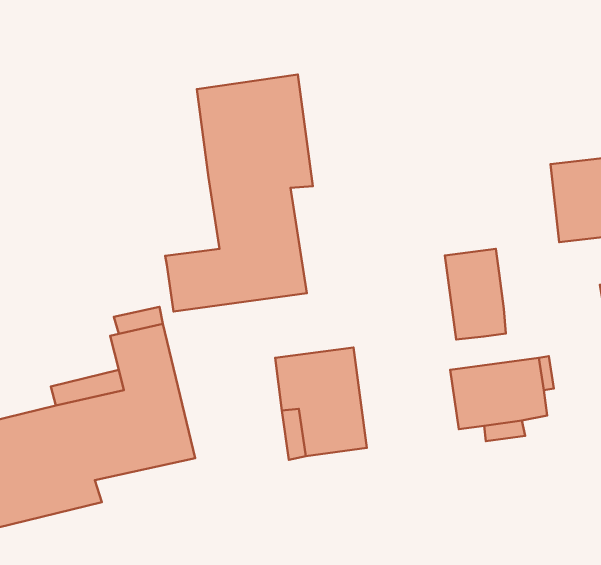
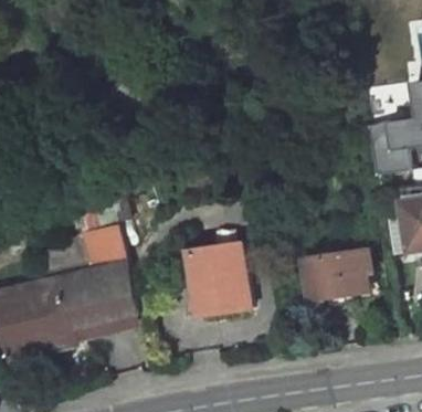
building: [165,74,313,311] -> none
building: [445,249,506,339] -> none

